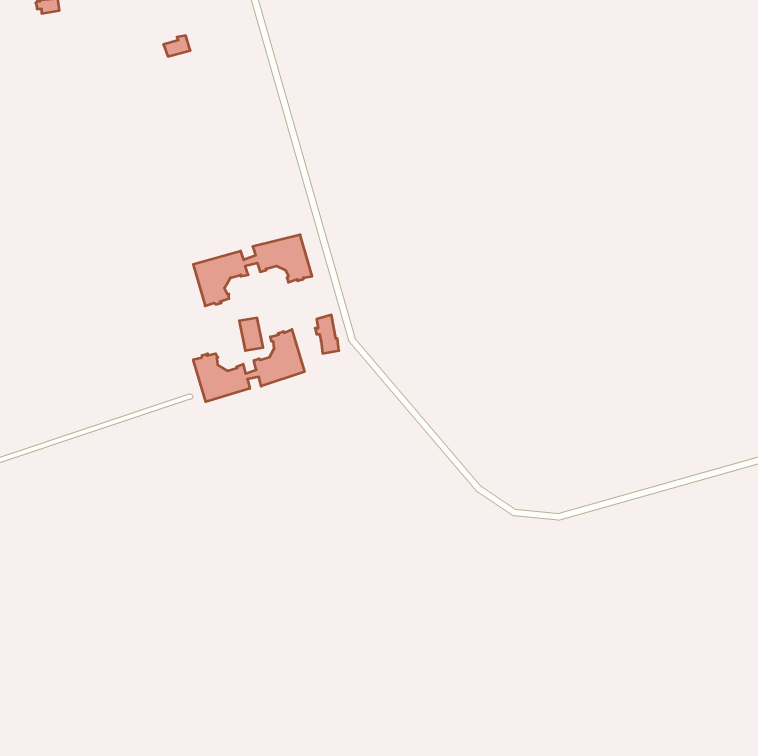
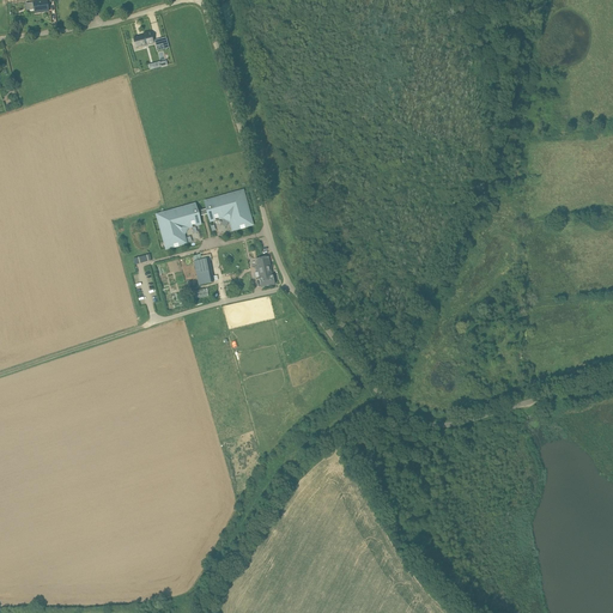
building: [193,329,304,402] -> none

